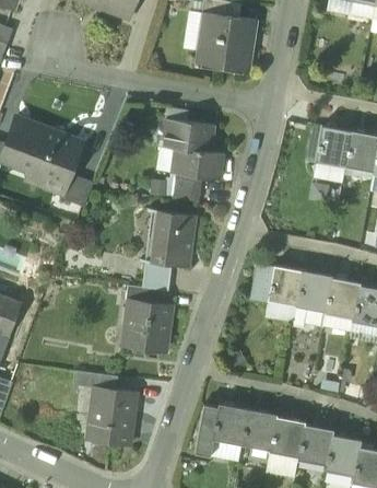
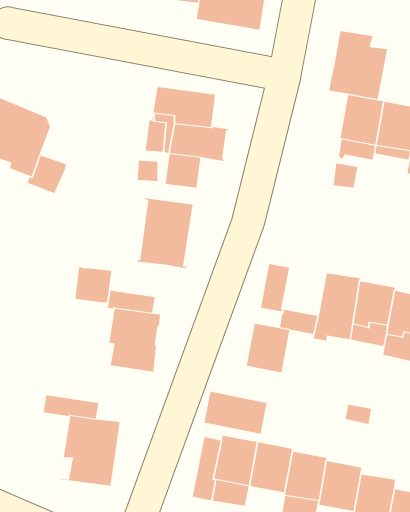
building: none -> [328,30,390,100]
building: [142,260,173,290] -> [74,267,112,303]
building: [268,265,304,305] -> [246,323,290,373]
building: none -> [204,391,267,435]

